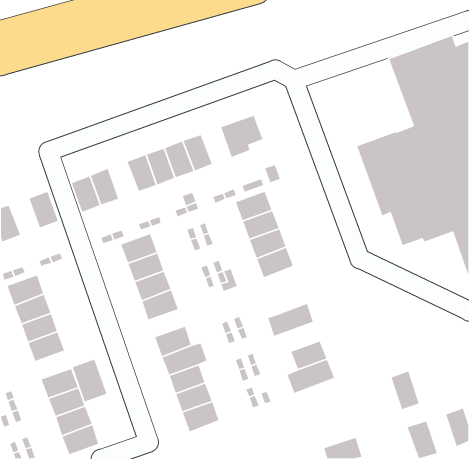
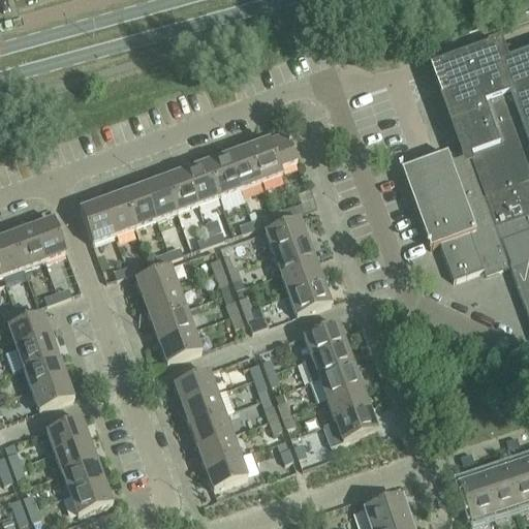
building: none -> [226,143,260,185]
building: none -> [122,182,156,224]
building: none -> [10,223,44,264]
building: none -> [303,319,346,354]
building: none -> [319,363,361,396]
building: [72,358,107,403] -> none
building: [390,371,420,410] -> [480,466,514,510]

